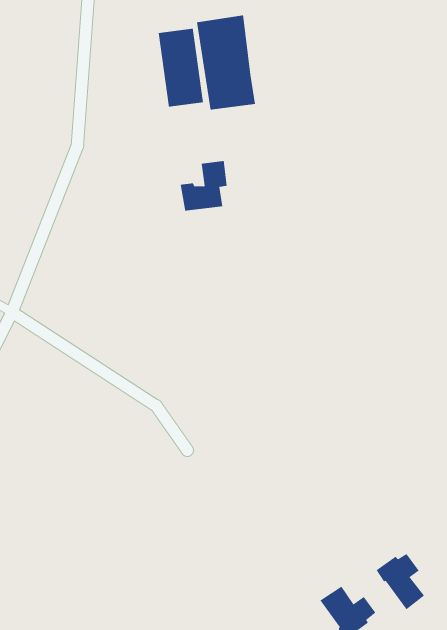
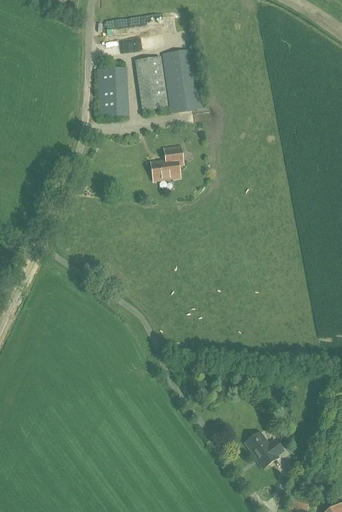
building: none -> [97,68,127,117]
building: [376,553,425,610] -> none

